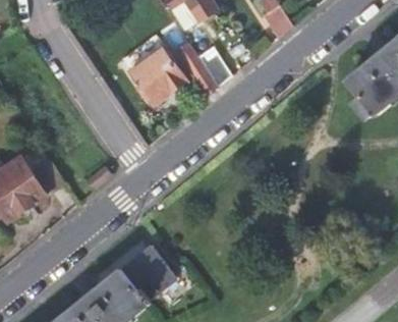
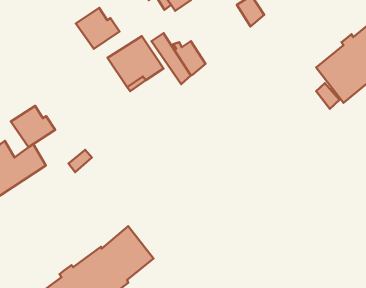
building: none -> [76,8,120,49]
building: none -> [11,106,55,147]

